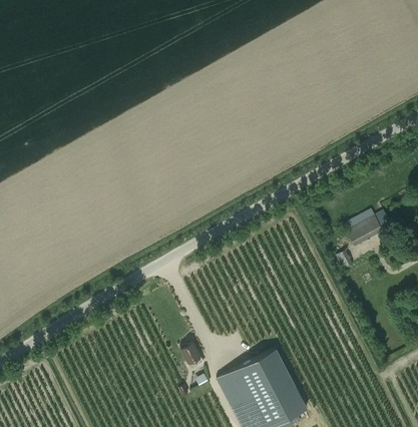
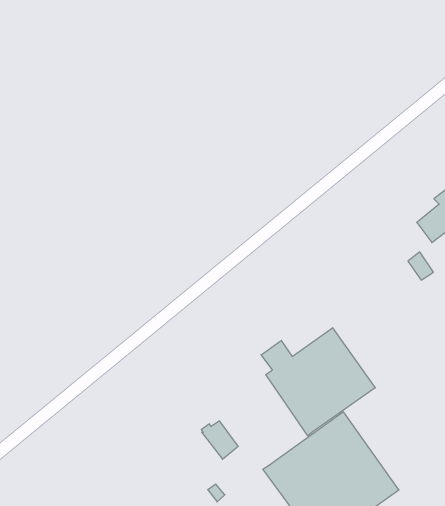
building: none -> [261,328,375,436]

